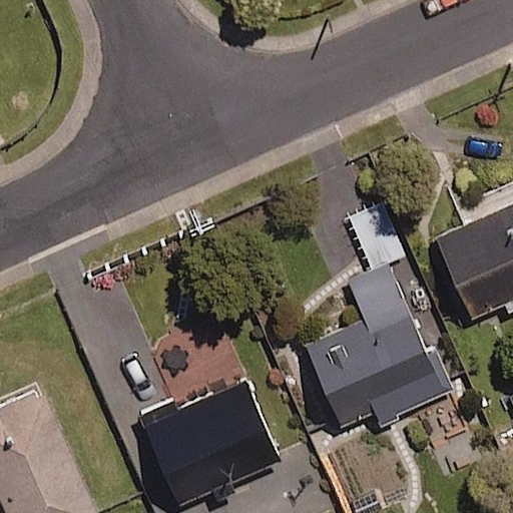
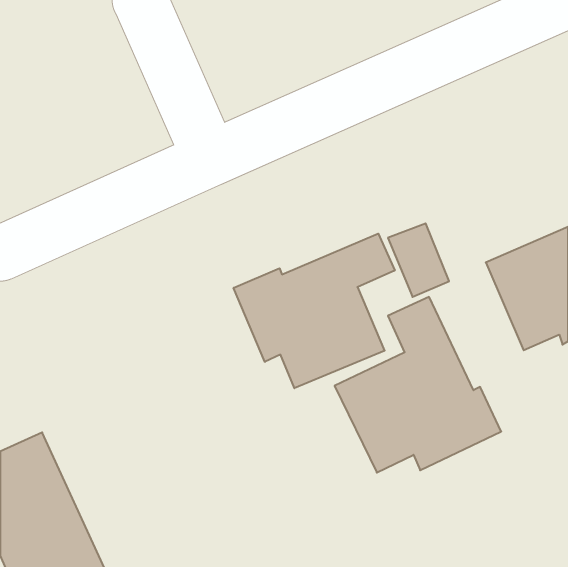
building: none -> [234,234,395,388]
building: [142,380,278,502] -> none

